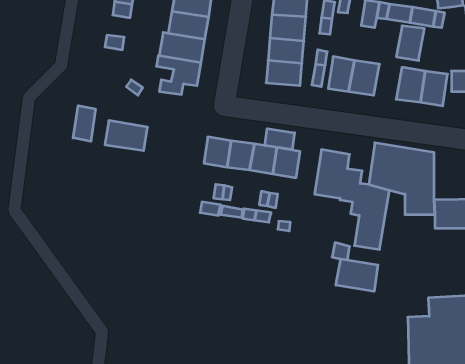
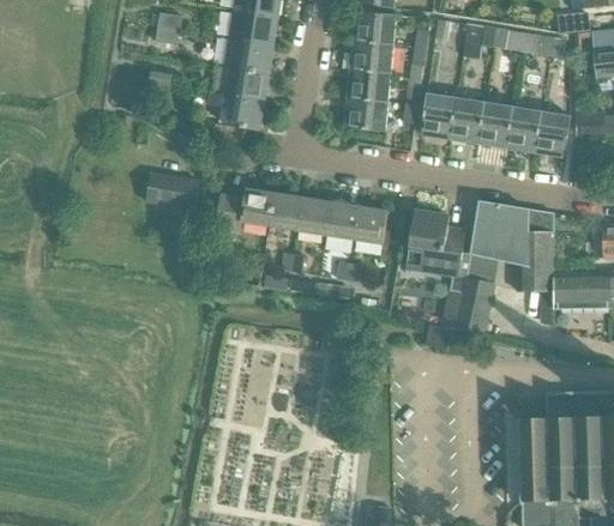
building: [396,26,424,61] -> [478,103,513,146]
building: [73,106,95,141] -> none
building: [265,129,295,150] -> none
building: none -> [216,189,273,230]
building: [336,259,378,291] -> none

